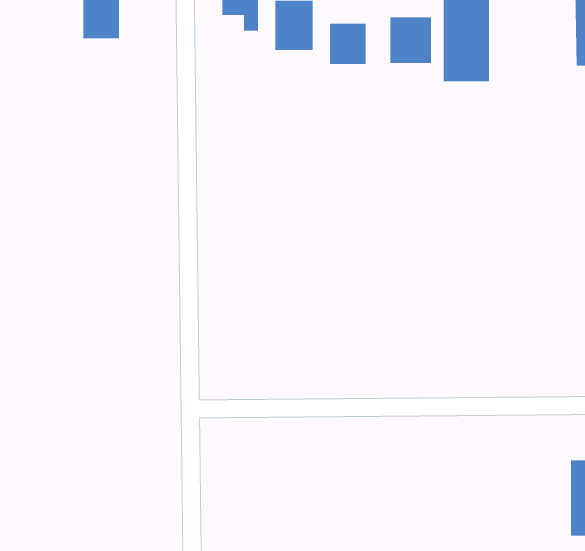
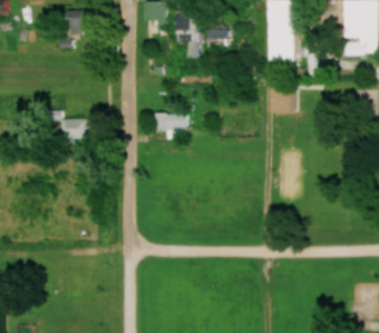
building: [390,17,431,64] -> none
building: none -> [152,115,184,133]
building: none -> [58,120,91,141]

